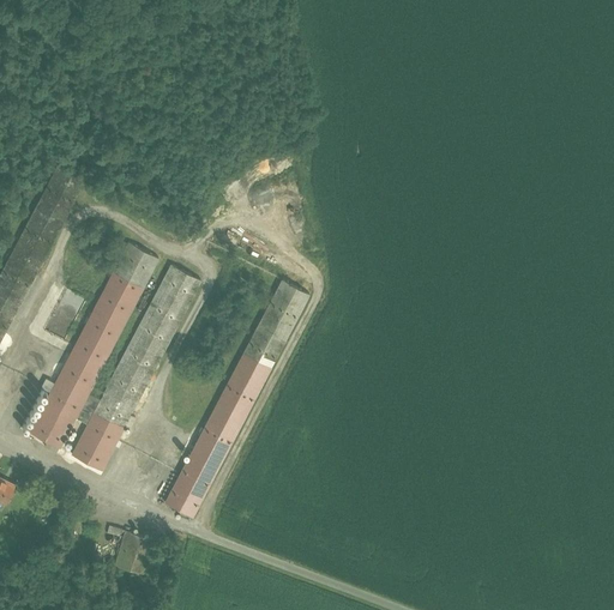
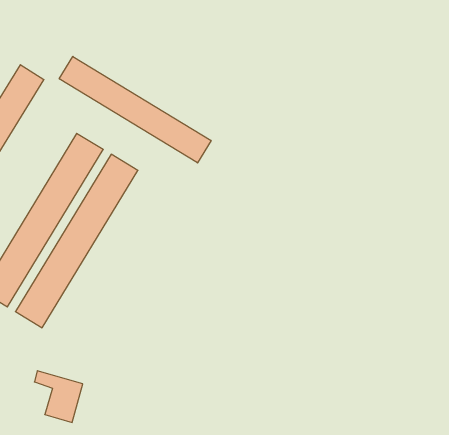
building: none -> [59,56,211,163]
building: [163,284,307,519] -> none

